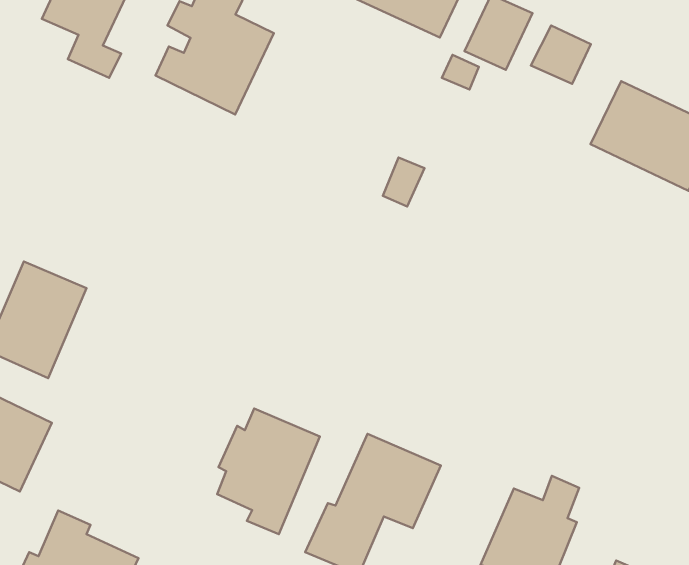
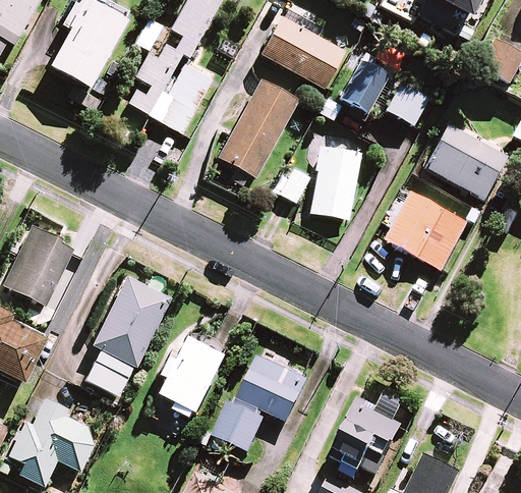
building: none -> [218,79,297,177]
building: none -> [309,147,359,219]
building: none -> [383,191,467,270]
building: none -> [85,276,170,395]

